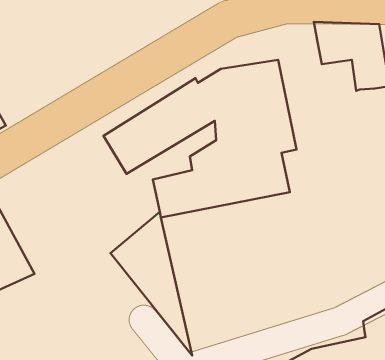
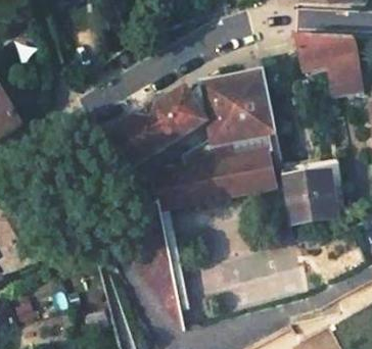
building: none -> [283,174,331,222]

